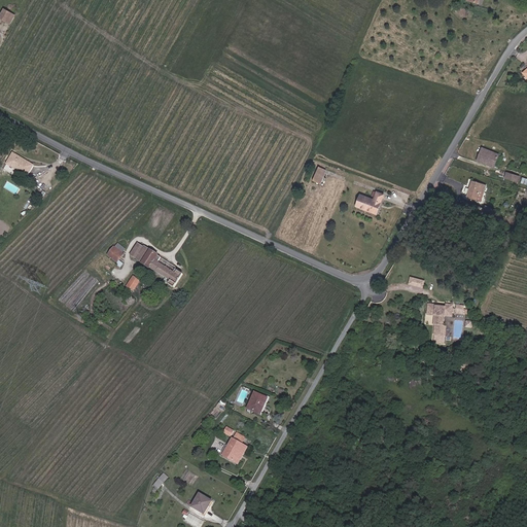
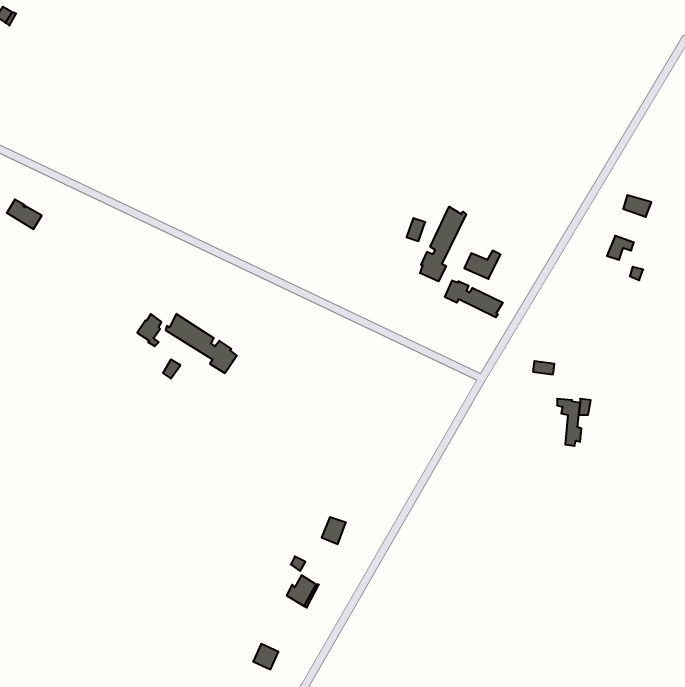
building: none -> [420,207,466,281]
building: none -> [445,280,503,317]

